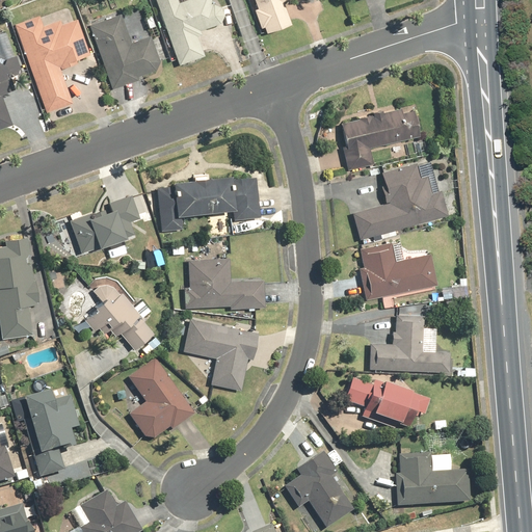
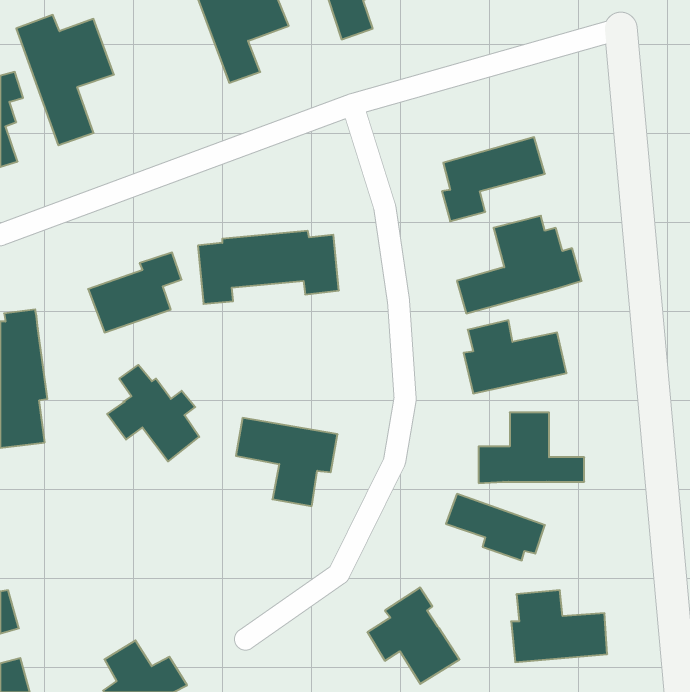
building: [88,9,160,86] -> none
building: [185,258,265,309] -> none
building: [127,355,192,437] -> none
building: [22,395,80,475] -> none

